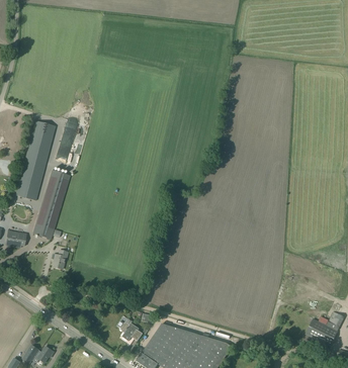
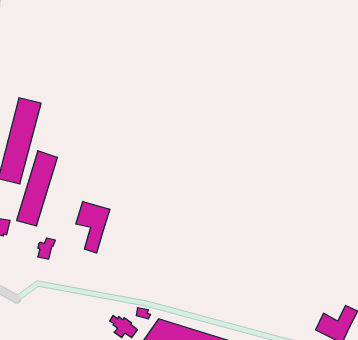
building: none -> [76,201,110,253]

